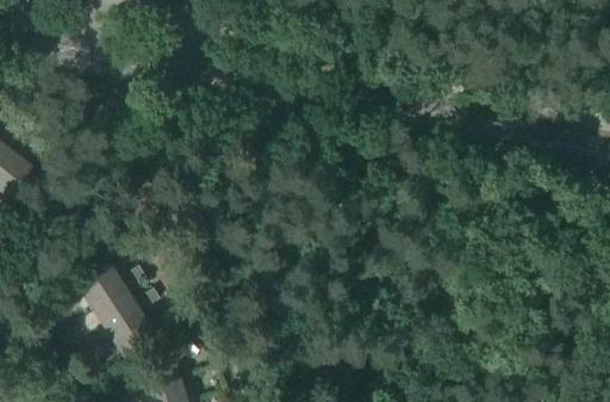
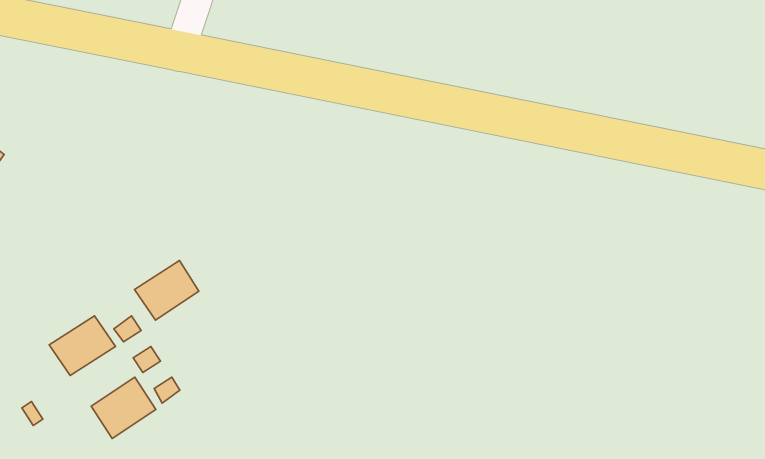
building: [93,286,141,330] -> [134,261,199,320]

